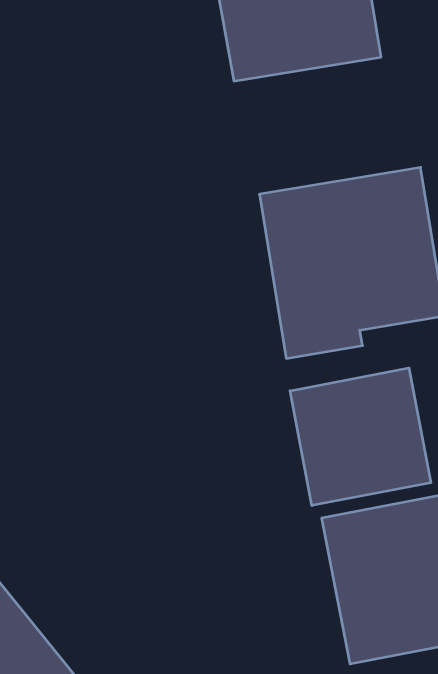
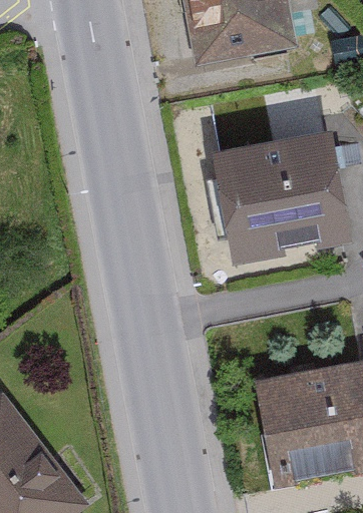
building: [290,368,431,506] -> none

